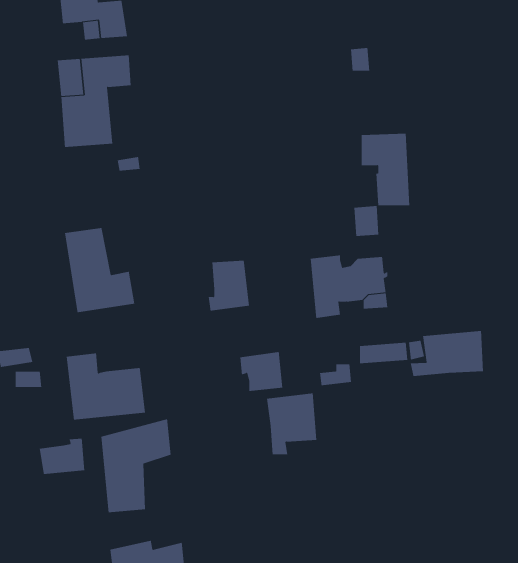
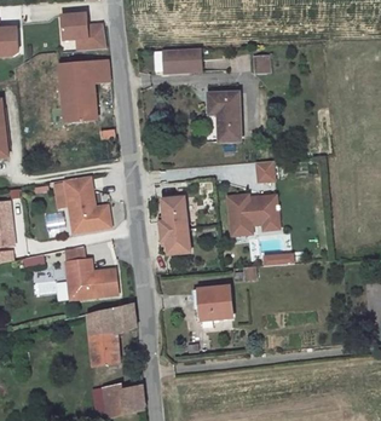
building: none -> [154,48,201,73]
building: [361,133,410,206] -> [208,92,241,140]
building: [410,330,483,377] -> none
building: [239,352,283,392] -> [161,227,190,254]
building: [39,438,85,475] -> none

